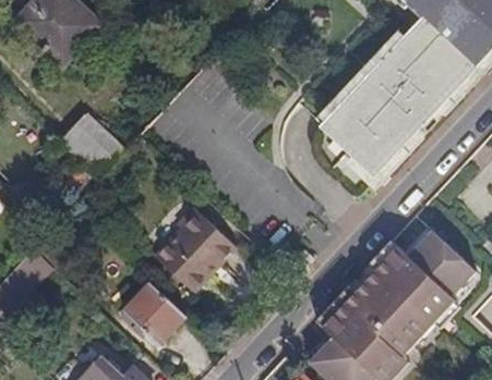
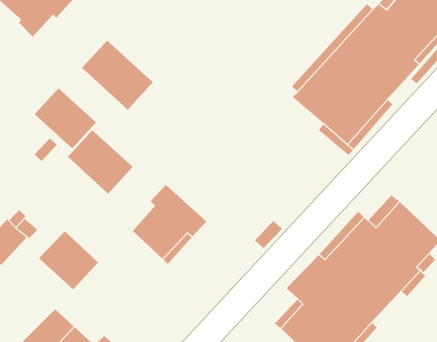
building: none -> [81,40,154,111]
building: none -> [67,129,133,194]
building: [123,283,185,344] -> [38,231,99,290]

